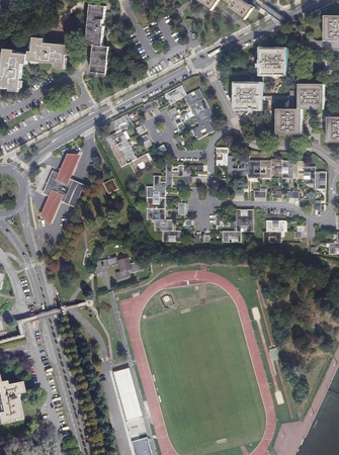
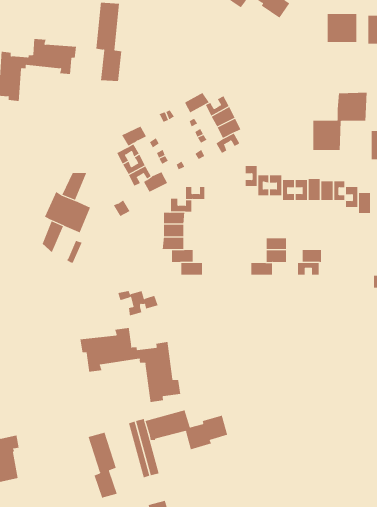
building: [259,50,285,75] -> [327,13,357,43]
building: [234,84,259,108] -> none
building: none -> [80,327,181,403]
building: none -> [145,410,228,450]
building: none -> [88,432,118,499]

